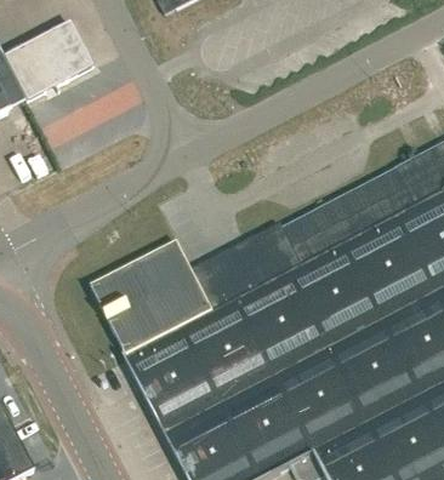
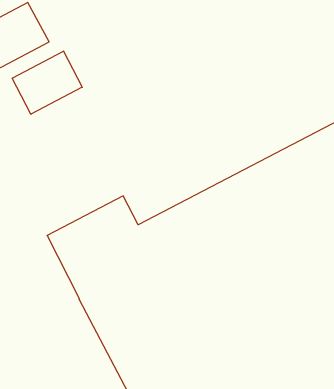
building: none -> [12,51,82,114]

